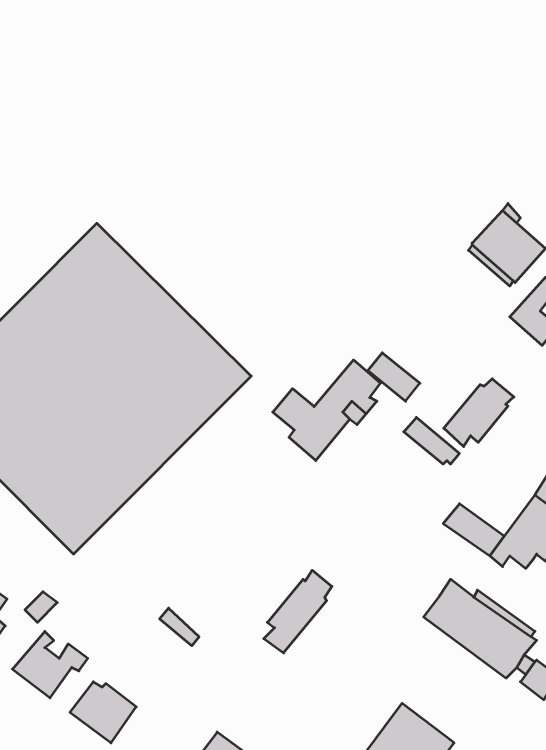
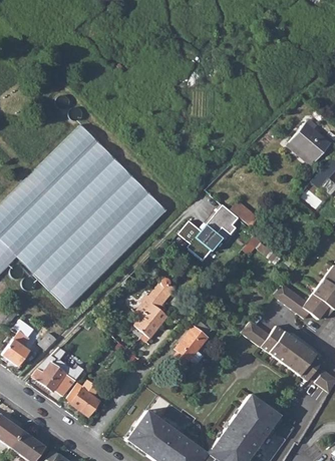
building: [444,379,514,447] -> none
building: none -> [134,285,171,338]
building: none -> [242,320,272,346]

